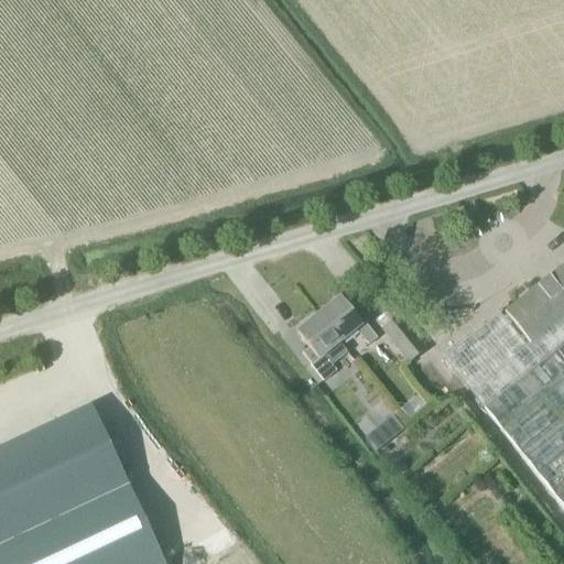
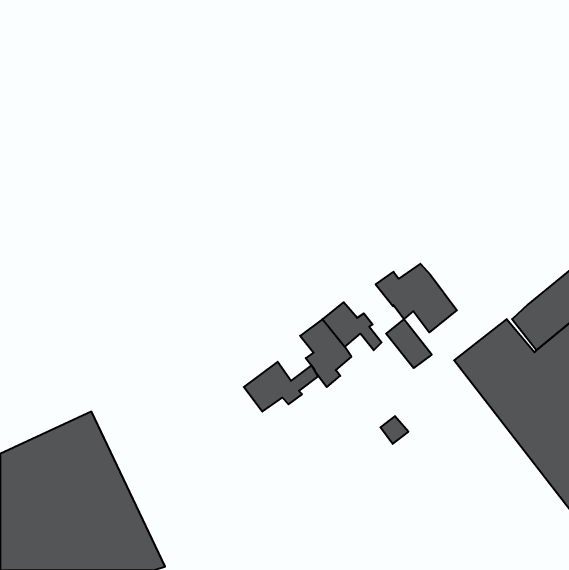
building: none -> [376,264,457,332]
building: none -> [244,362,318,412]

